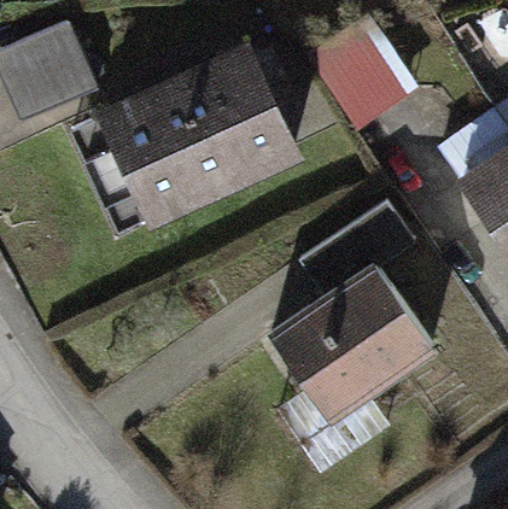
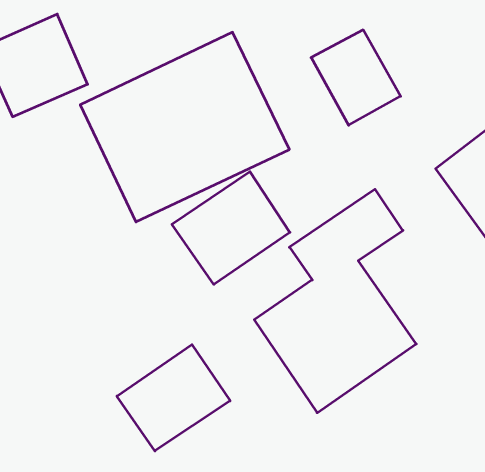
building: none -> [172,172,290,284]
building: none -> [117,345,230,451]

